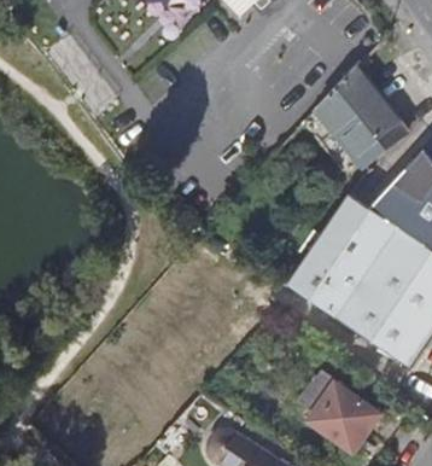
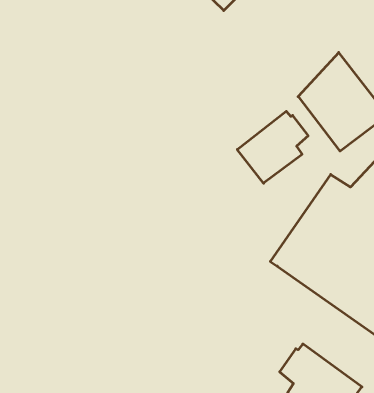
building: none -> [237,111,308,183]

